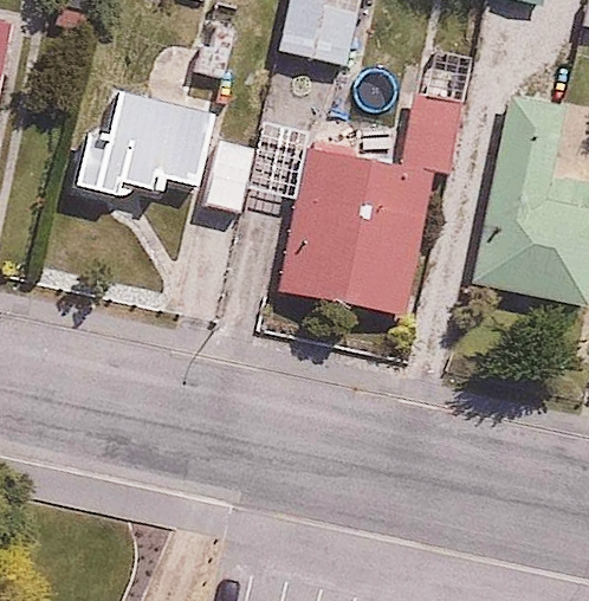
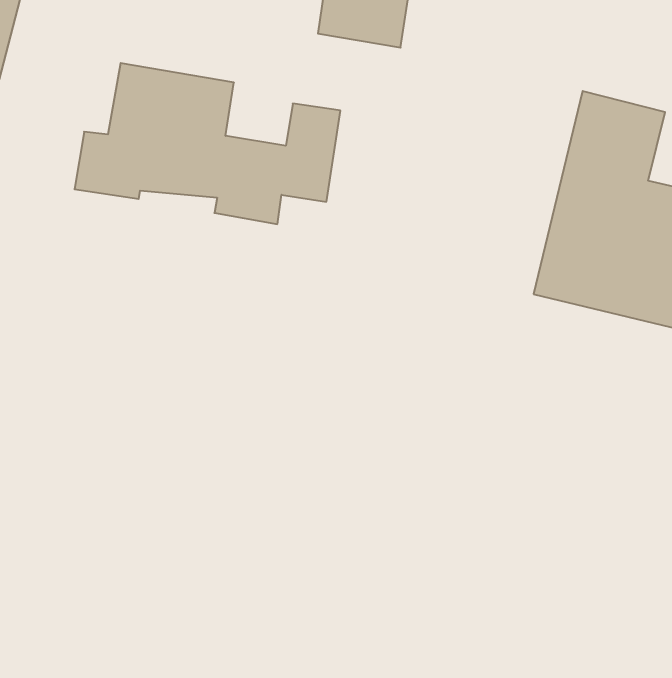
building: [273,96,470,319] -> none

